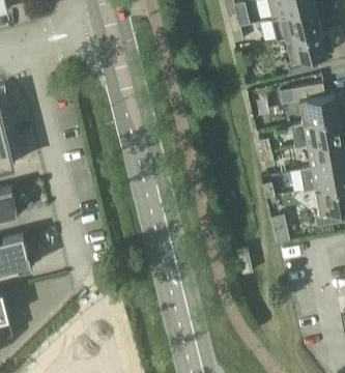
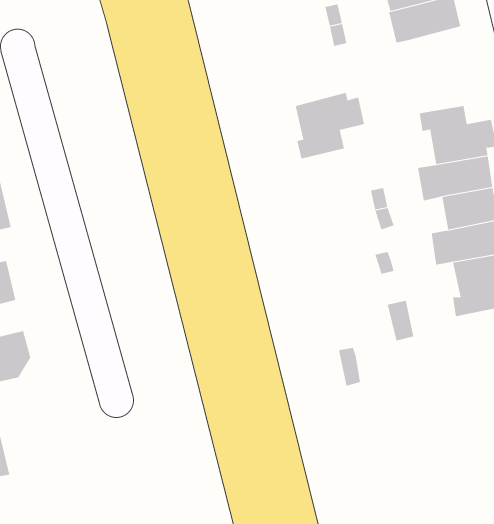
building: [285,29,333,75] -> [295,92,365,159]

